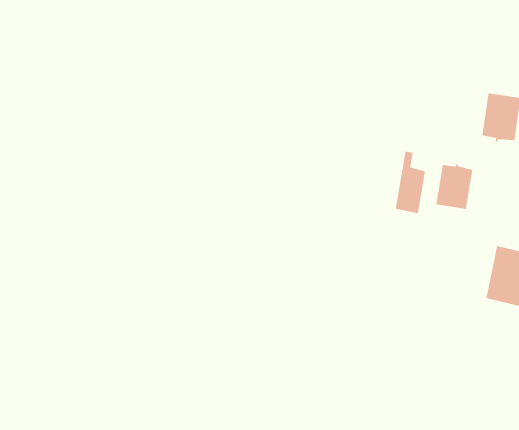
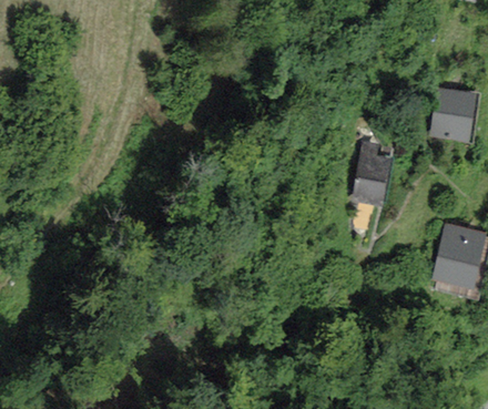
building: [435,163,473,210] -> none

